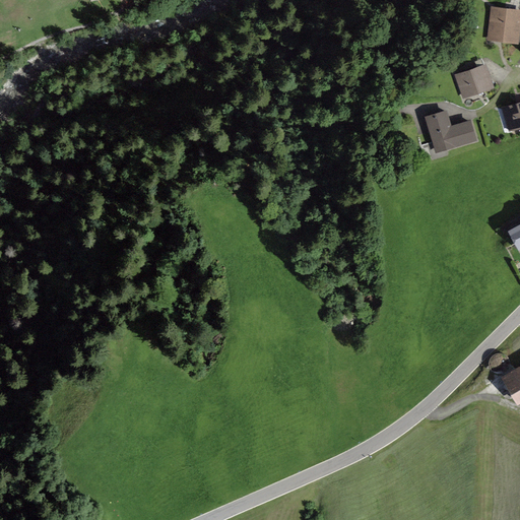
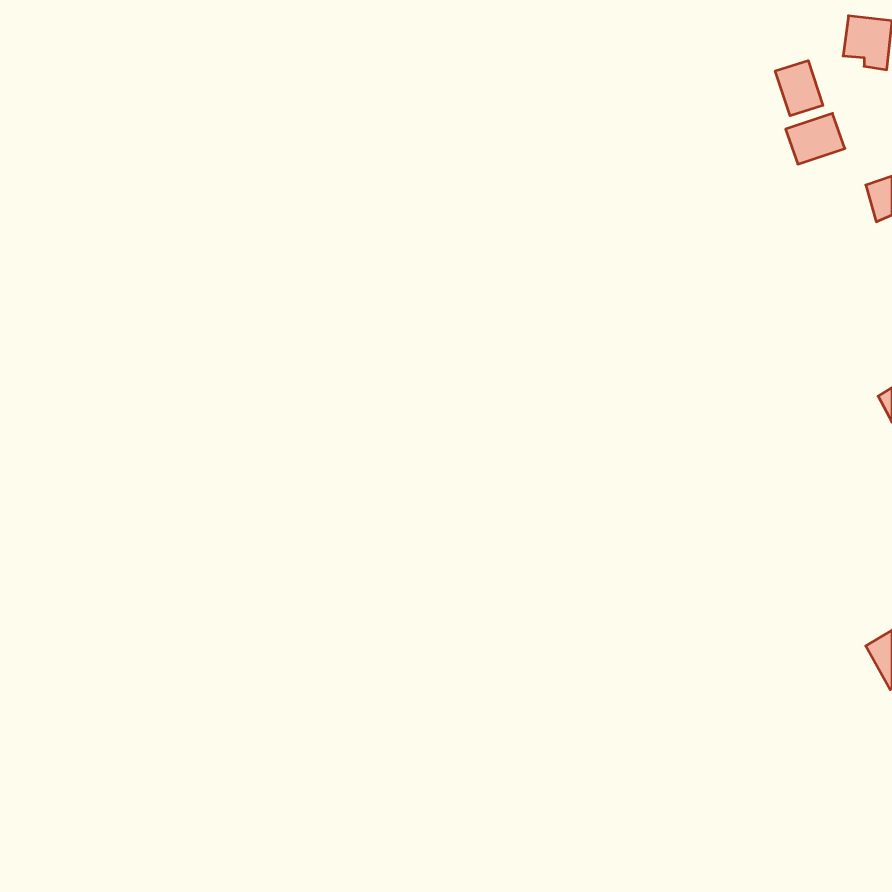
building: none -> [775,61,823,116]
building: [427,112,474,148] -> none

